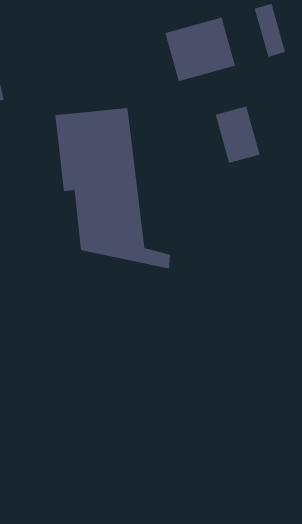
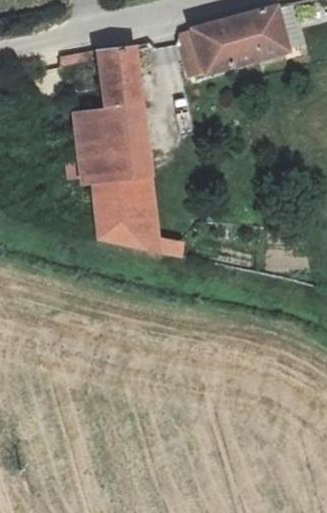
building: none -> [95,45,142,107]
building: [215,106,261,163] -> [231,10,274,64]

